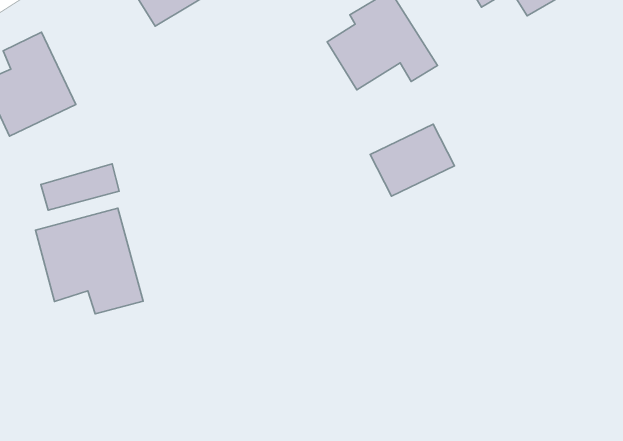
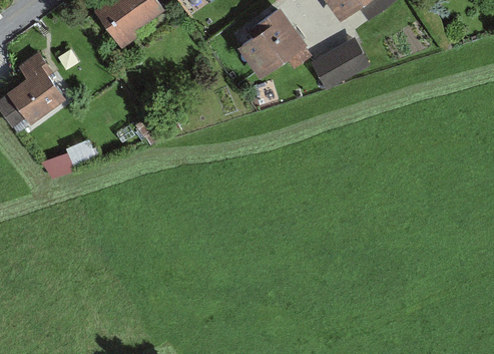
building: [370,124,454,196] -> [314,39,371,89]
building: [35,208,143,314] -> none

